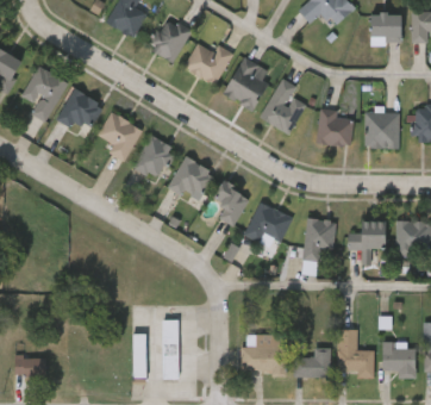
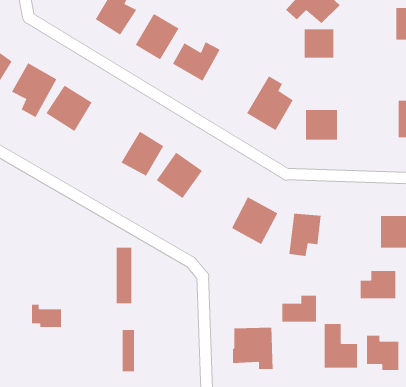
building: [370,13,401,43] -> [304,29,334,58]
building: [223,56,273,111] -> none
building: [101,112,143,163] -> none
building: [366,112,399,148] -> none
building: [212,181,250,226] -> none
building: [348,222,385,250] -> [360,271,396,299]
building: [163,322,180,379] -> [116,247,132,304]
building: [294,349,330,376] -> [282,295,317,322]
building: [17,355,48,379] -> [31,304,62,328]

